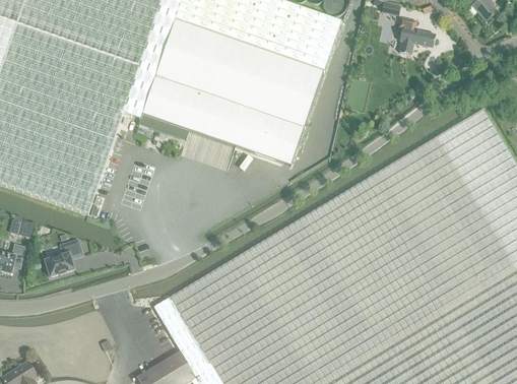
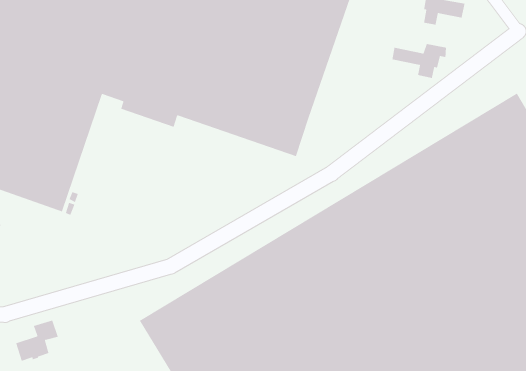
building: none -> [392,43,447,79]
building: [46,240,83,276] -> [15,319,59,362]

